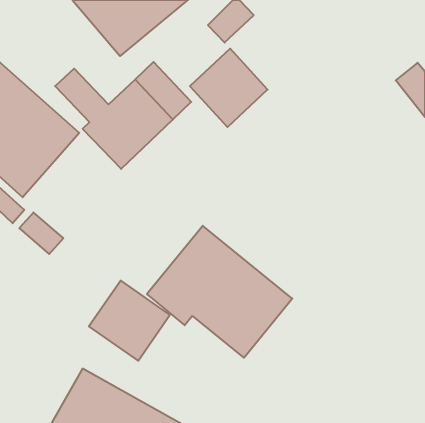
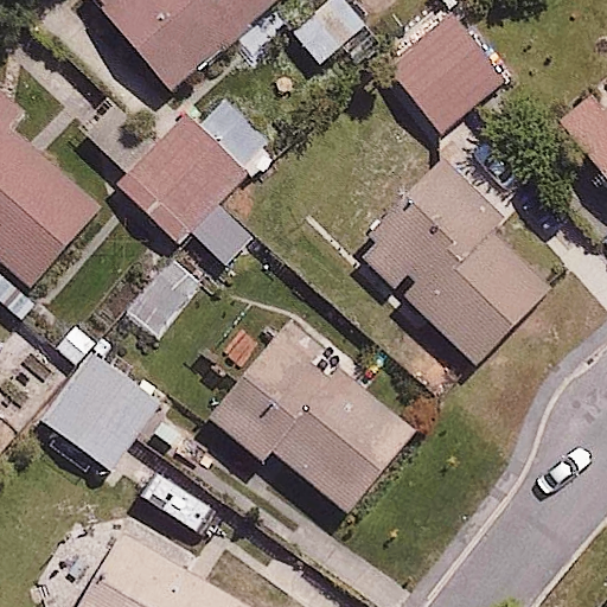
building: [190,49,268,127] -> [389,18,499,129]
building: none -> [340,158,552,365]
building: [89,281,170,361] -> [44,356,159,469]

